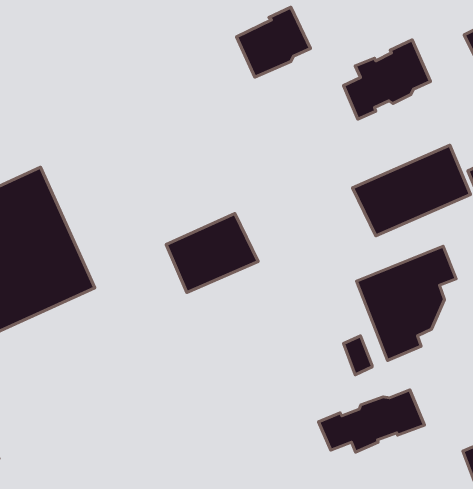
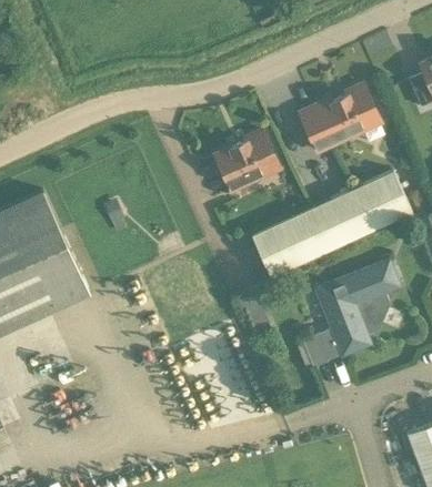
building: [237,7,310,77] -> [213,129,277,189]
building: [166,213,258,293] -> [252,209,331,276]
building: [319,390,424,452] -> none

